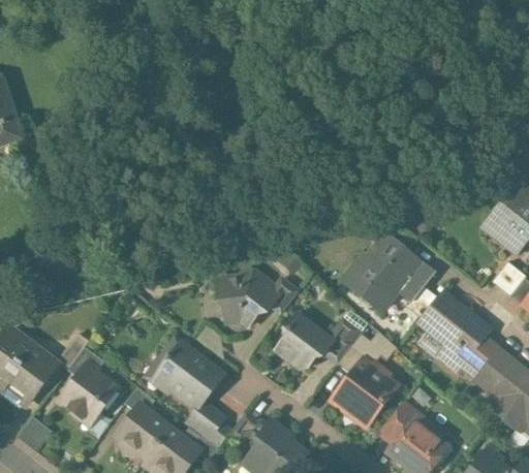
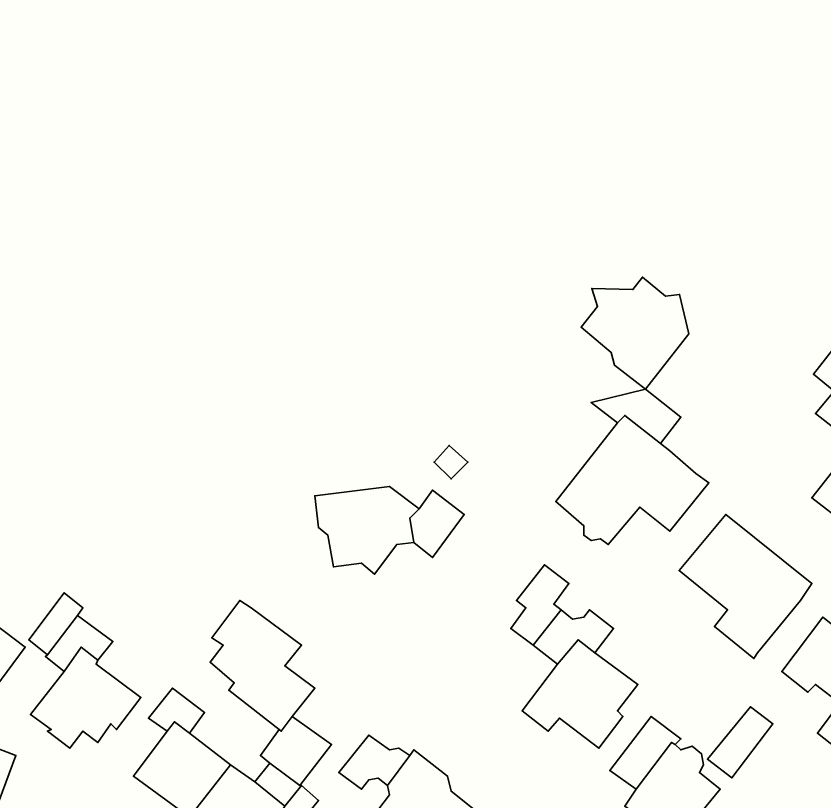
building: none -> [581,277,689,389]
building: [282,315,333,368] -> none
building: [461,339,497,378] -> [707,707,773,778]

